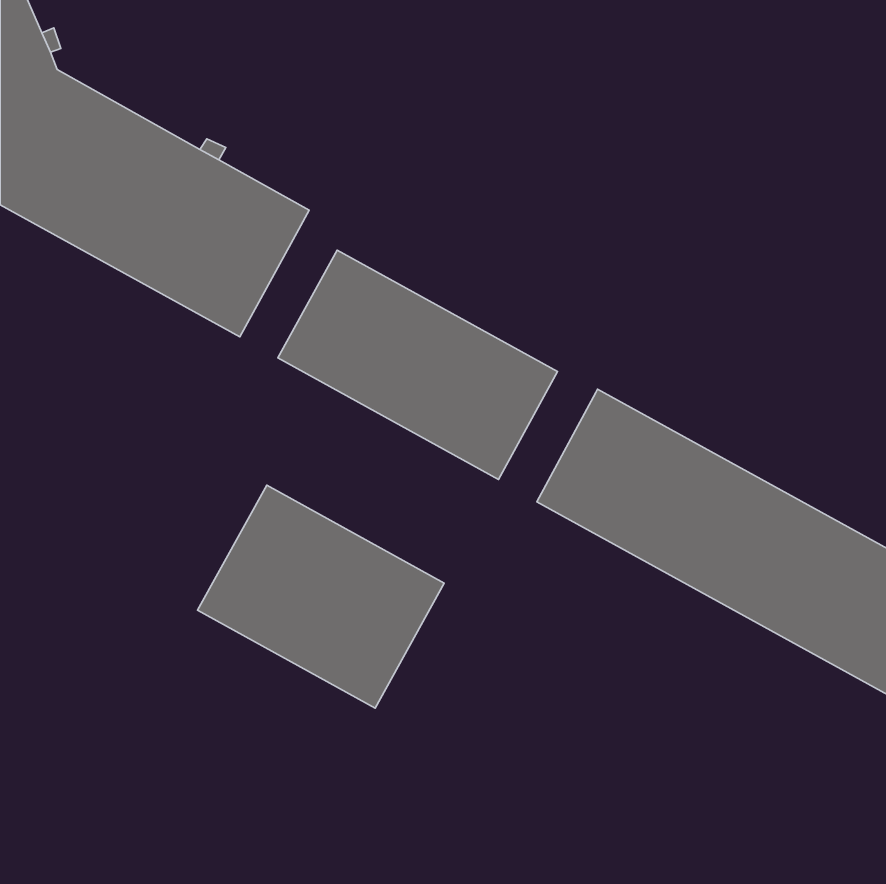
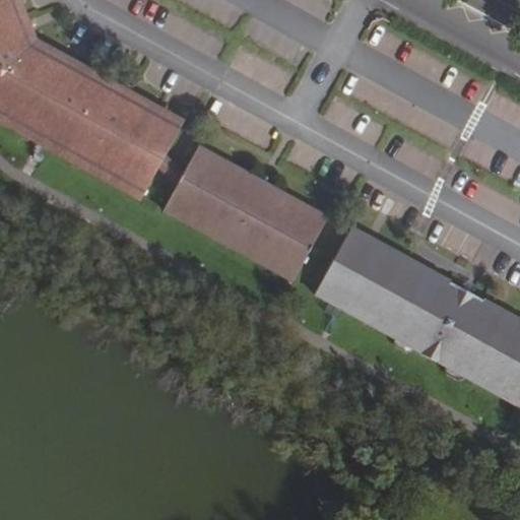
building: [198,485,444,708] -> none

